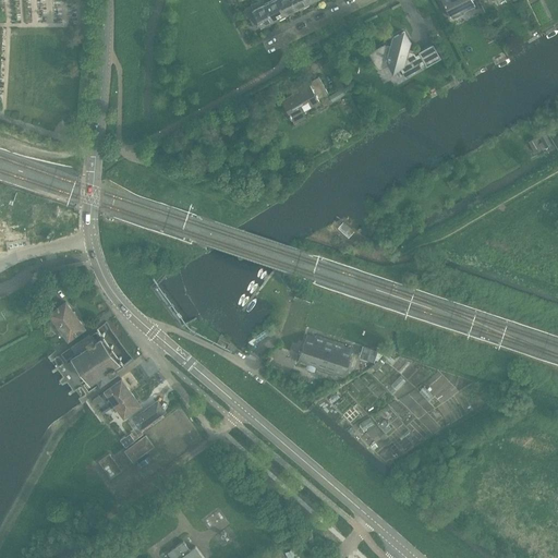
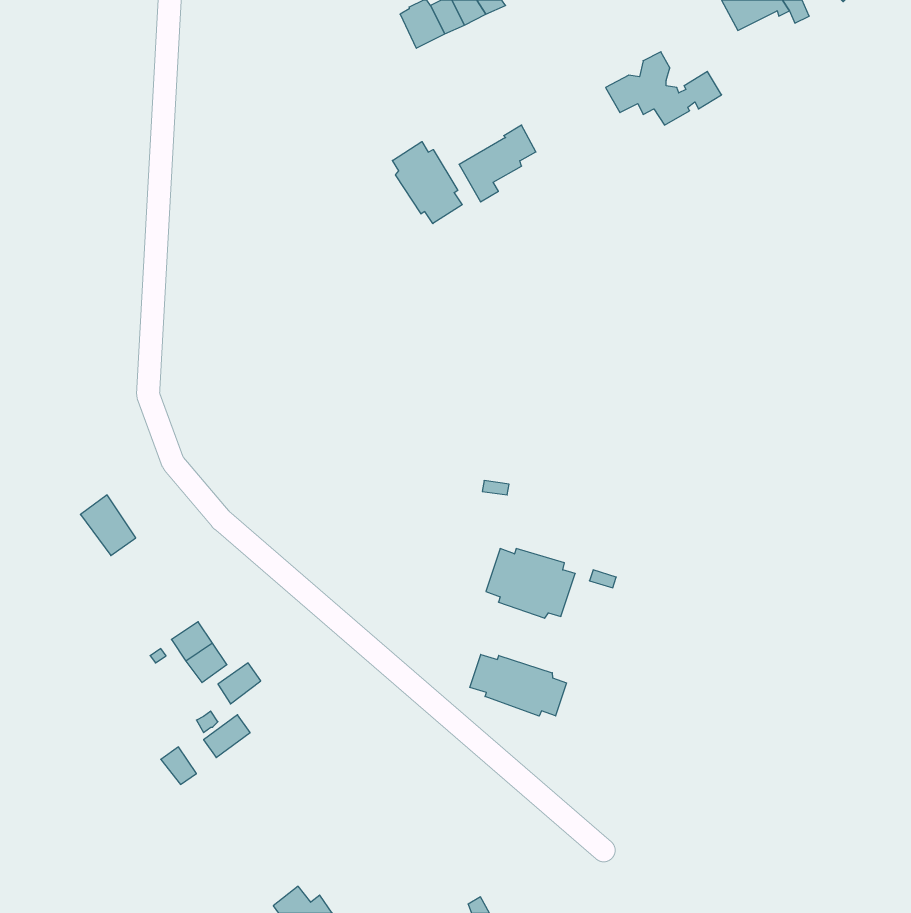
building: none -> [392,142,462,224]
building: [71,329,123,385] -> none
building: none -> [470,654,567,716]

